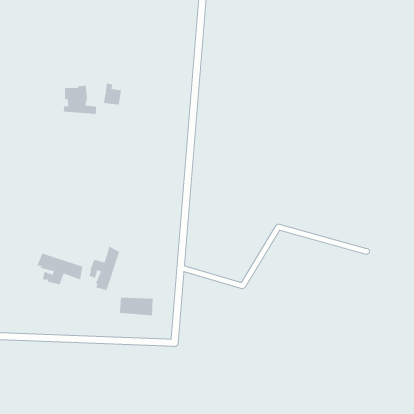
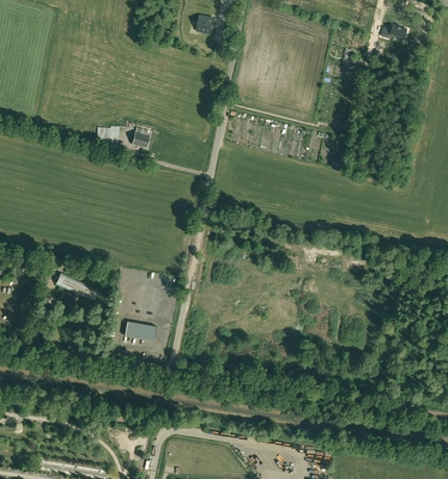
building: [88,246,120,291] -> none

